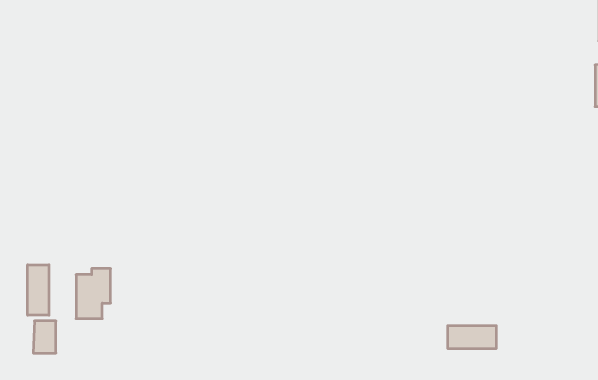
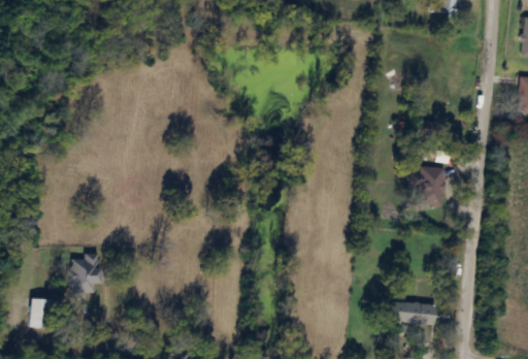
building: none -> [410,168,443,204]
building: [28,265,49,315] -> none

